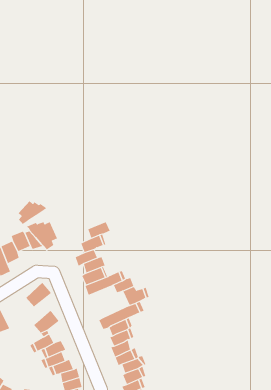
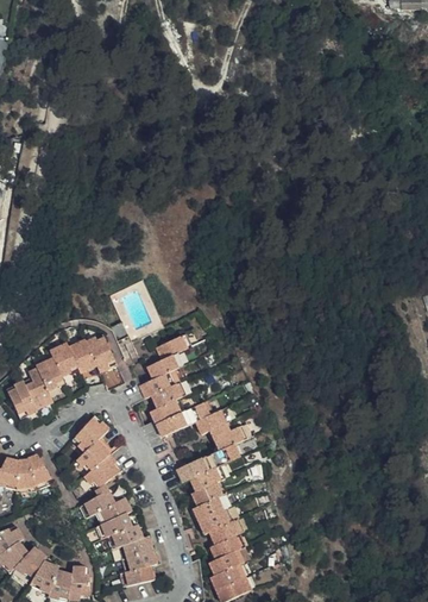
building: [18,200,47,225] -> none
building: none -> [78,439,113,474]

